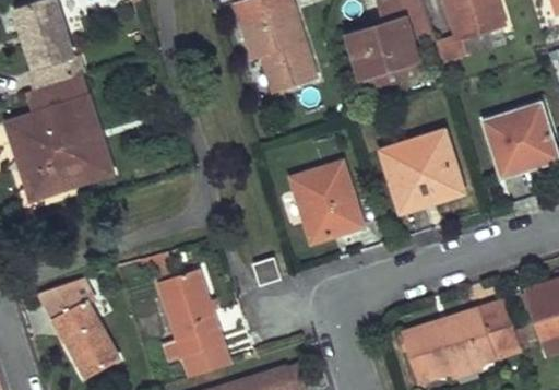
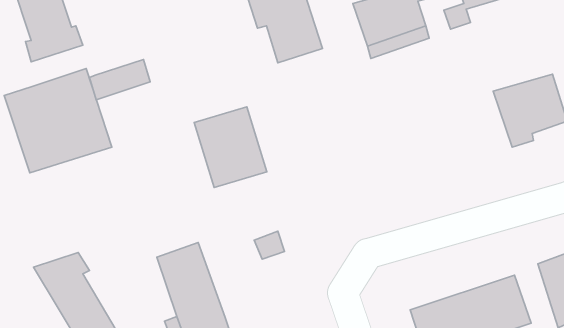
building: [28,78,87,117] -> [90,60,150,100]
building: [386,135,459,208] -> none
building: [292,162,362,240] -> [194,107,267,187]

